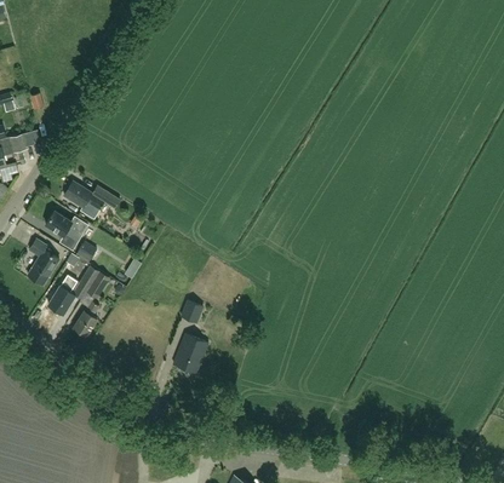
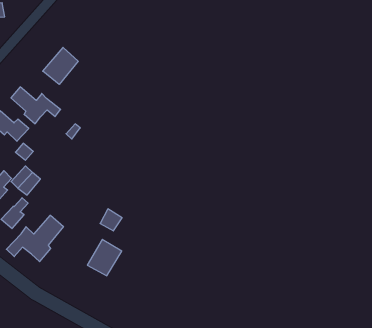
building: none -> [43,47,78,84]
building: none -> [6,215,63,262]

